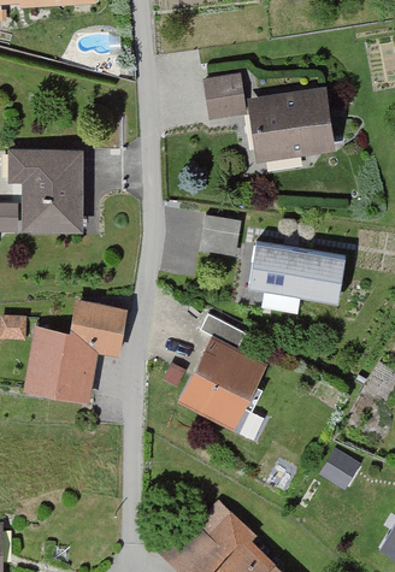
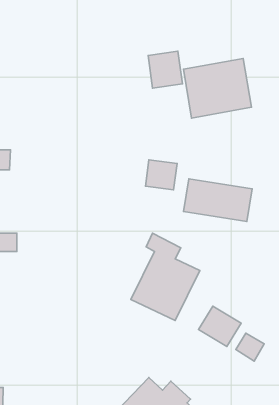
building: [8,151,86,232] -> none
building: [25,300,125,400] -> none
building: none -> [198,306,241,346]

